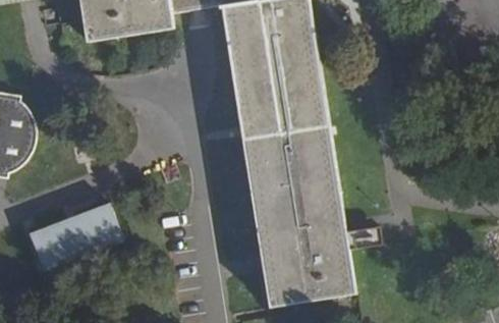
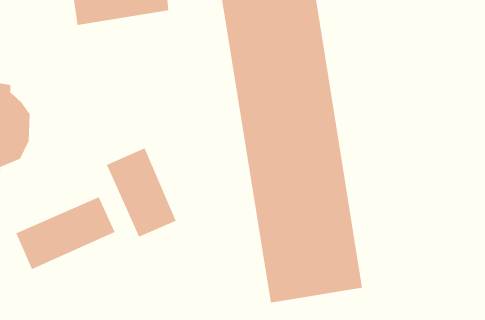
building: none -> [106,148,177,237]

